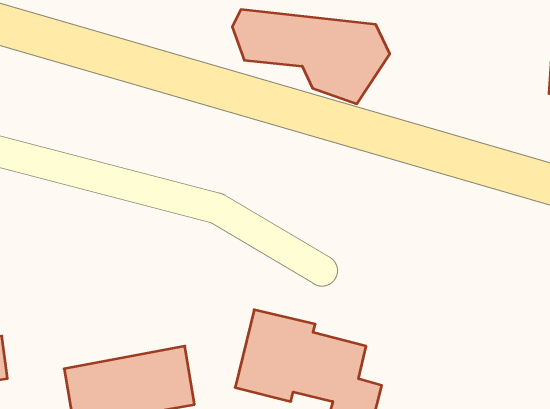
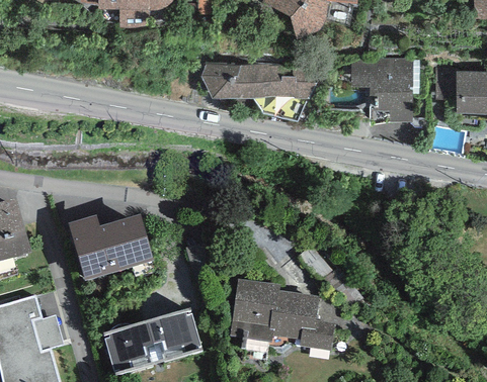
building: none -> [350,58,413,122]
building: none -> [67,213,153,280]

